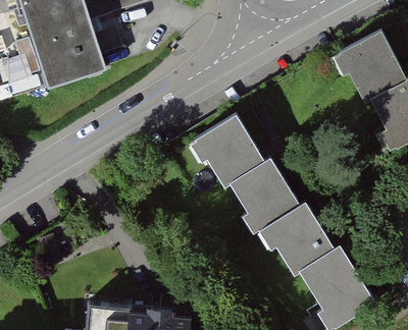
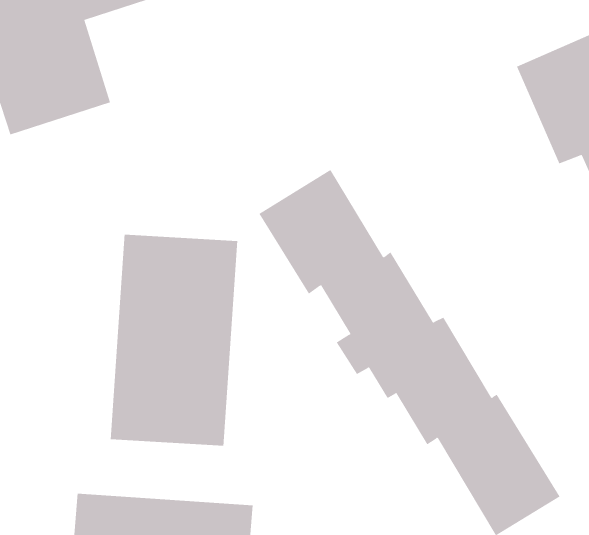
building: none -> [110,234,238,447]

